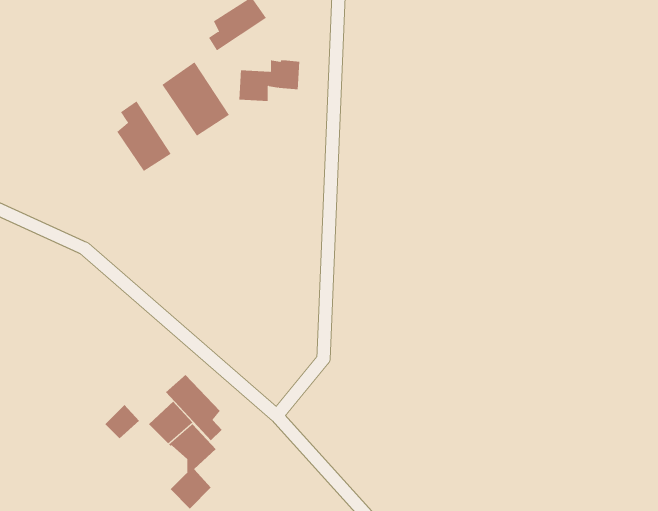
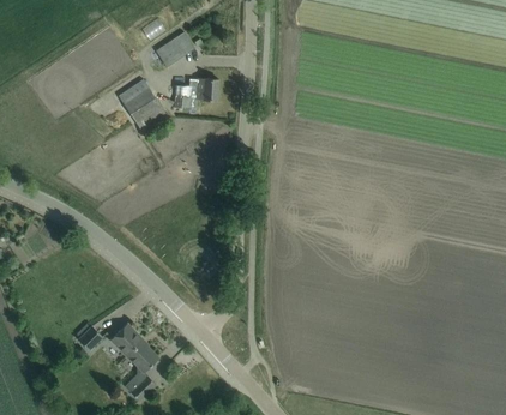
building: [116,101,172,172] -> none
building: [165,374,222,441] -> none

